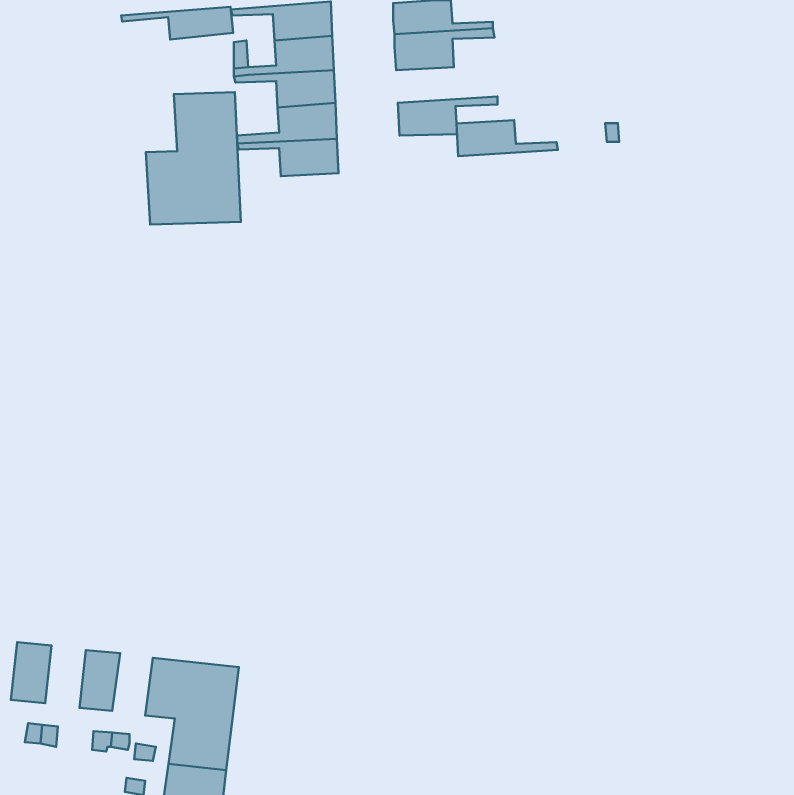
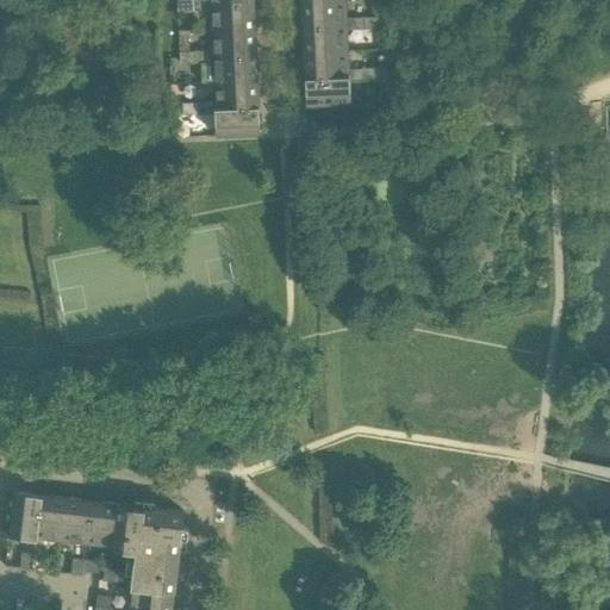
building: [121,7,233,39] -> none
building: [146,92,241,225] -> none
building: [457,120,558,156] -> [305,52,382,80]
building: none -> [37,494,68,542]
building: none -> [88,500,119,548]

